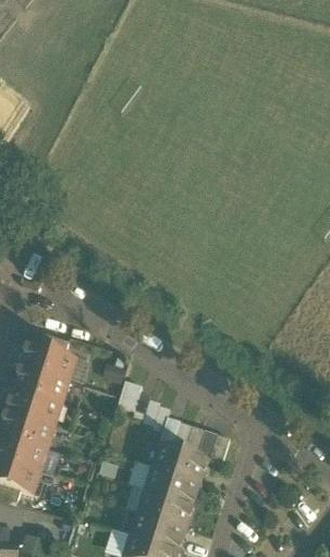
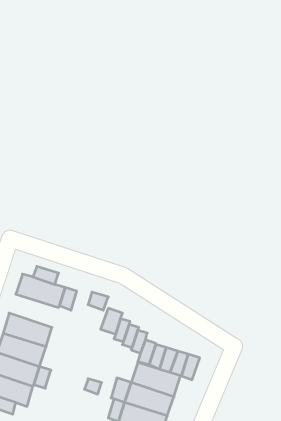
building: [13,368,70,406] -> none

